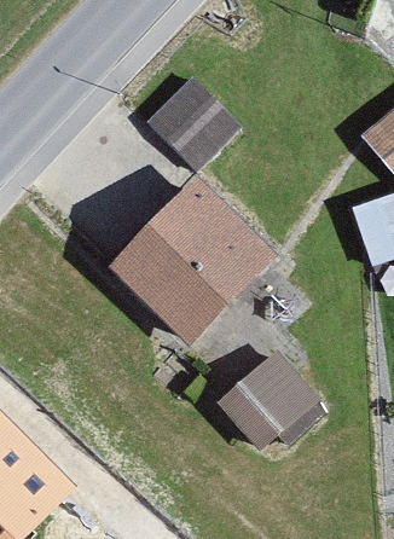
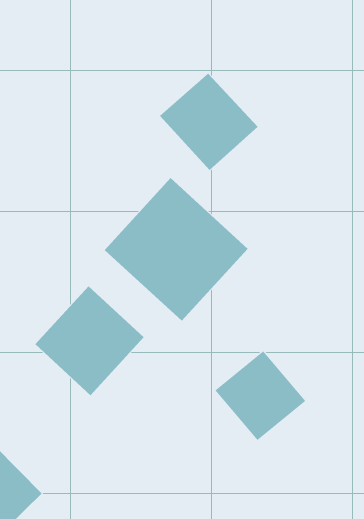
building: none -> [34,285,145,396]

